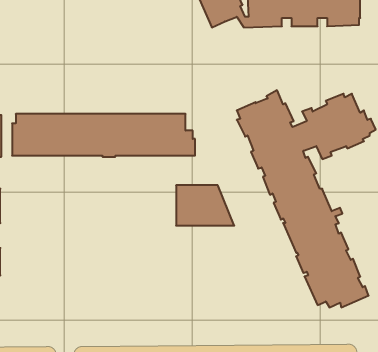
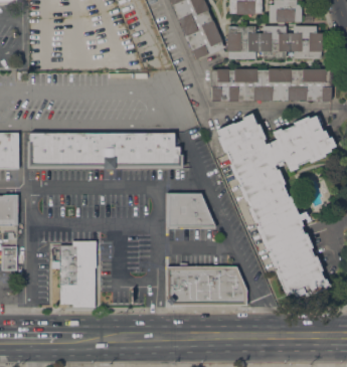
building: none -> [210,68,332,101]
building: none -> [52,241,97,307]
building: none -> [166,266,246,306]

